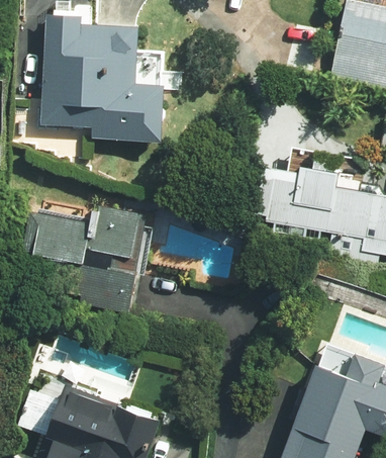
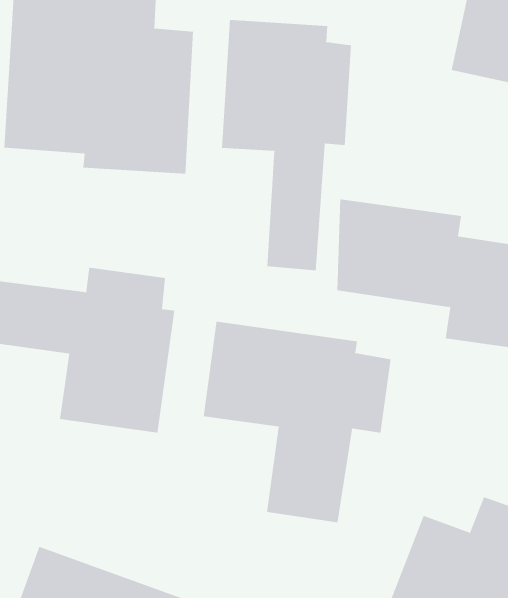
building: none -> [222,19,351,271]
building: none -> [203,321,391,523]

